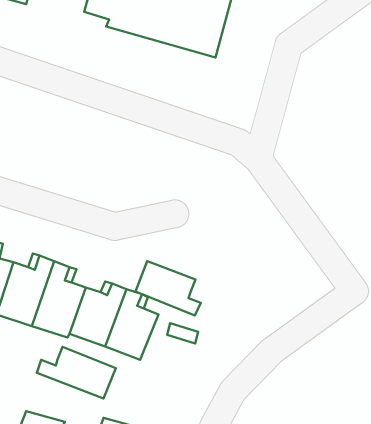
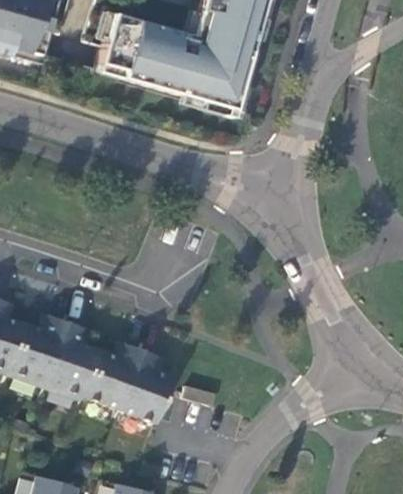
building: [136,261,201,315] -> none
building: [37,347,116,399] -> none

